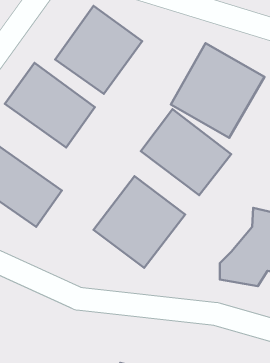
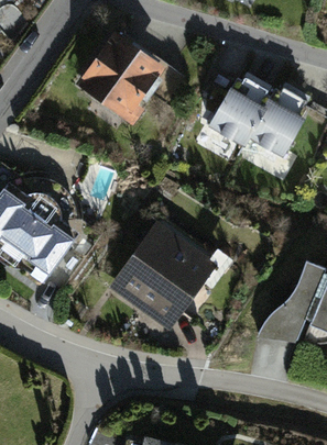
building: [5,63,95,148] -> none
building: [141,109,231,195] -> none

